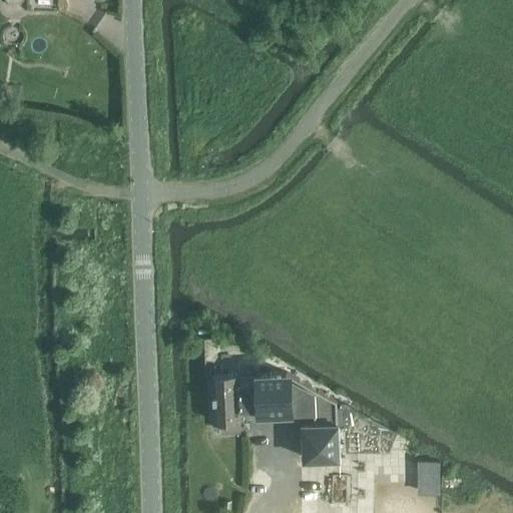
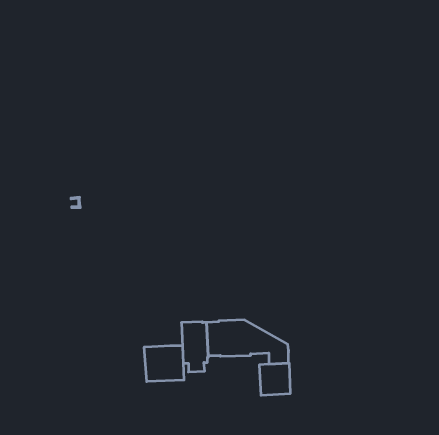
building: none -> [144,345,184,382]
building: [419,466,439,495] -> none

